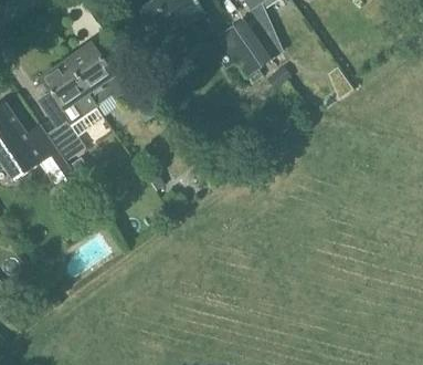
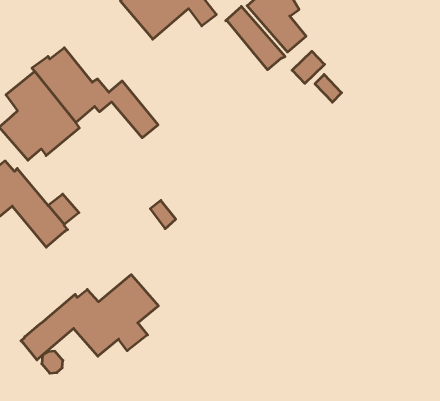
building: [47,119,86,160] -> none
building: none -> [21,275,158,360]

